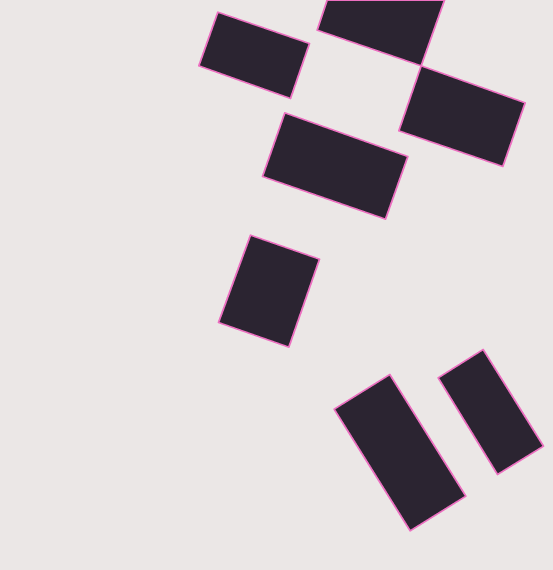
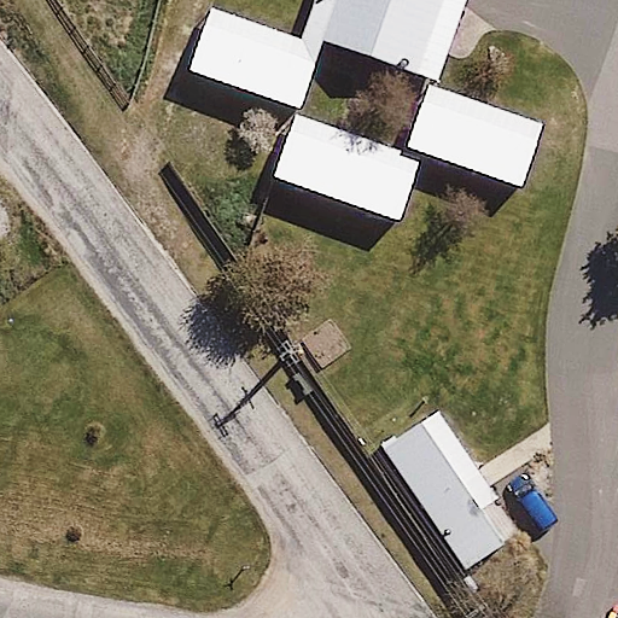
building: [219,235,320,347] -> none
building: [438,350,543,475] -> none

